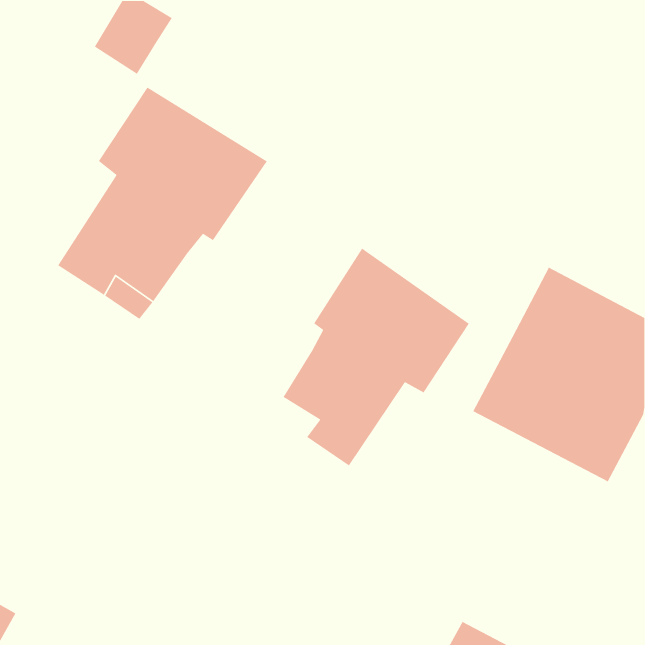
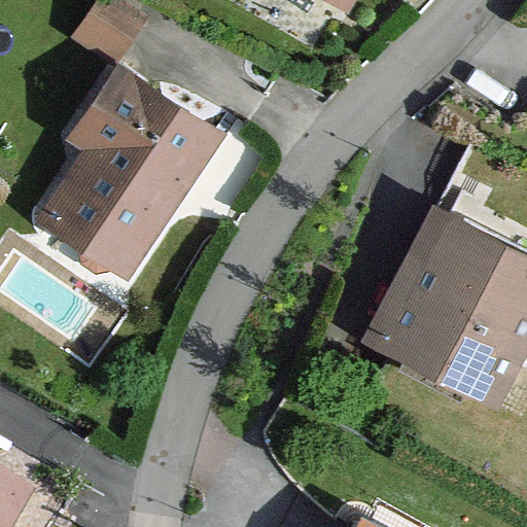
building: [283,248,470,466] -> none

